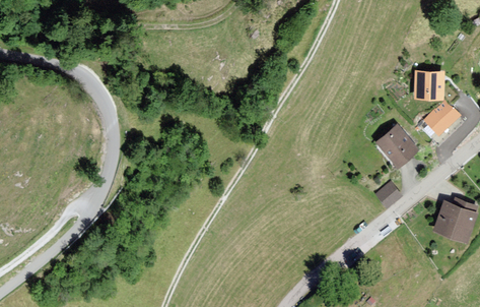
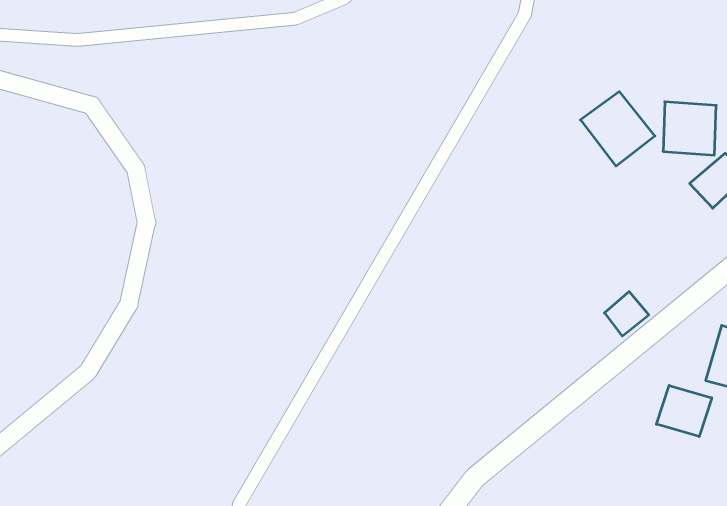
building: [373,126,416,169] -> [580,92,655,166]
building: none -> [656,385,712,437]

